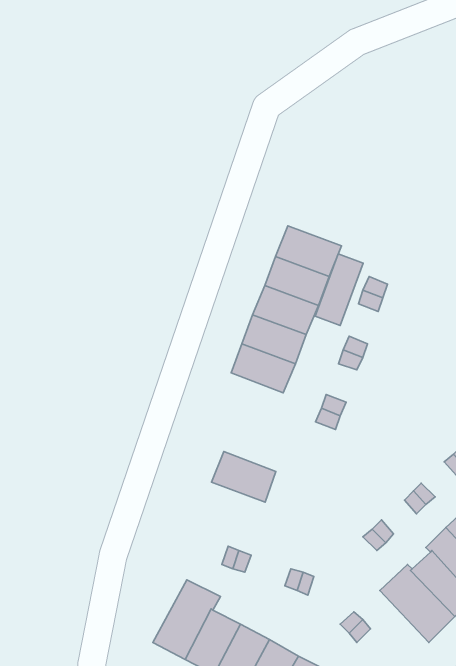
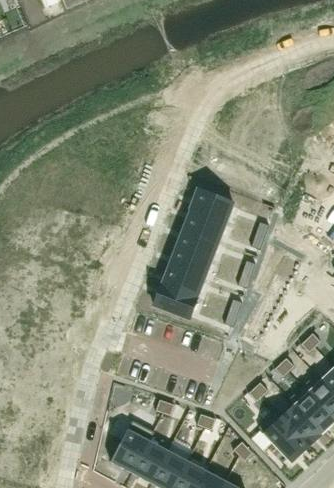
building: [315,254,363,325] -> none
building: [212,452,276,502] -> [154,285,196,318]

